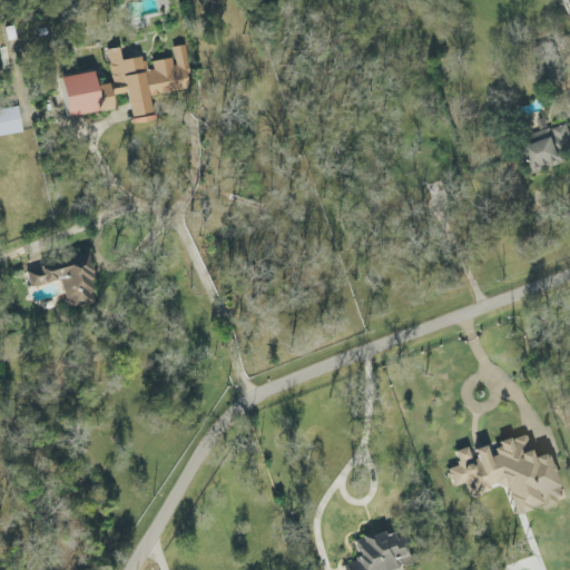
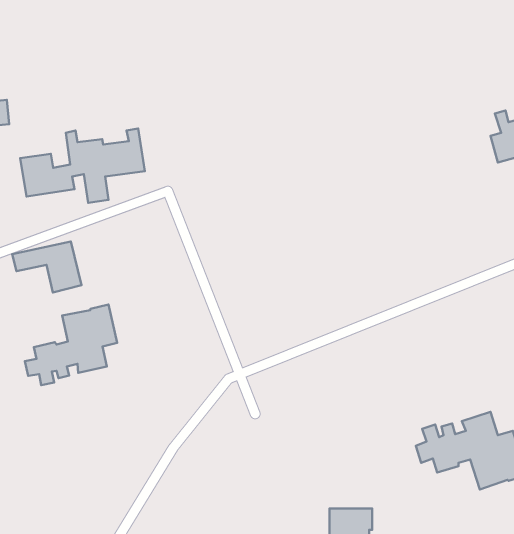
building: [61,45,191,122] -> [20,128,145,203]
building: none -> [25,304,117,385]

